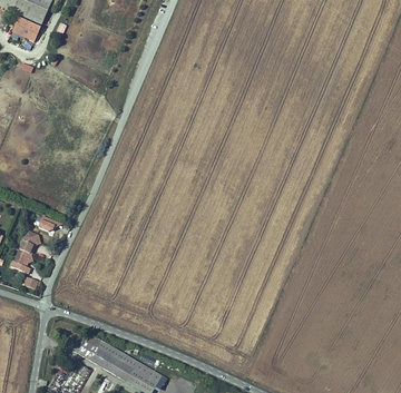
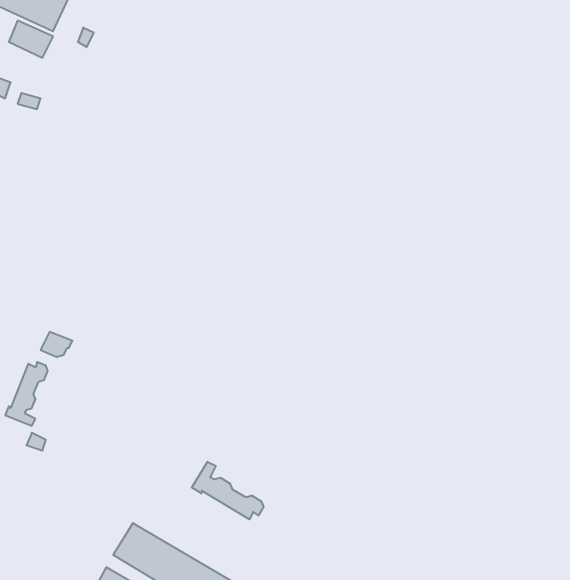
building: none -> [192,462,264,519]

